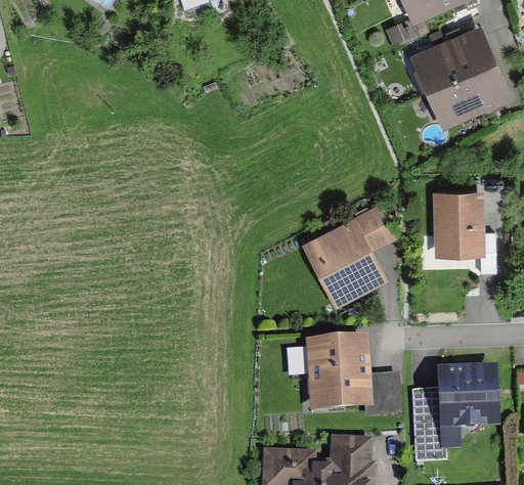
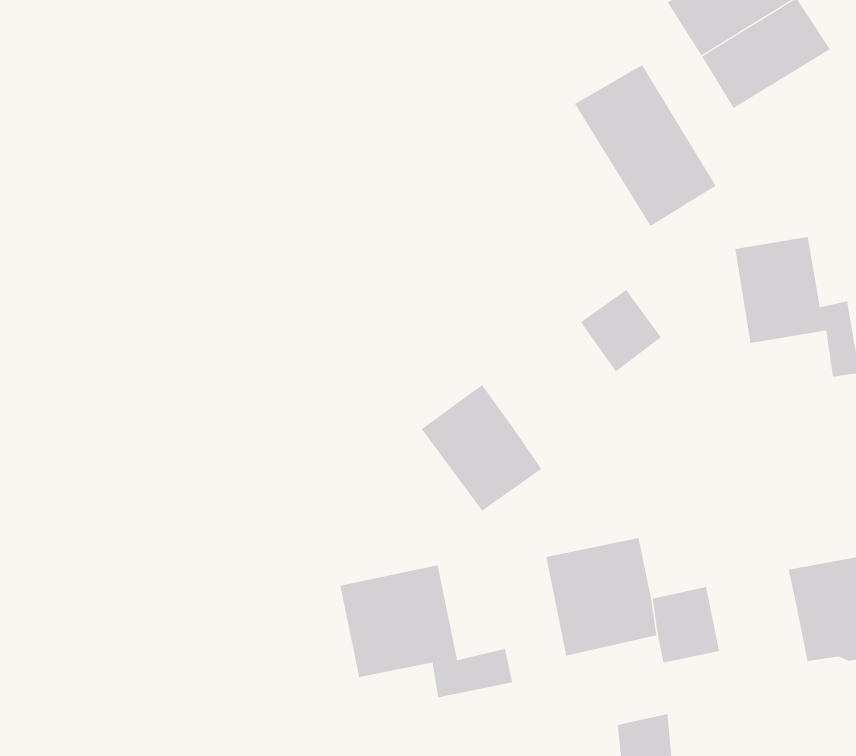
building: none -> [574,64,717,227]
building: [312,227,375,296] -> [421,384,542,511]
building: none -> [340,564,513,698]
building: [410,388,445,461] -> none

